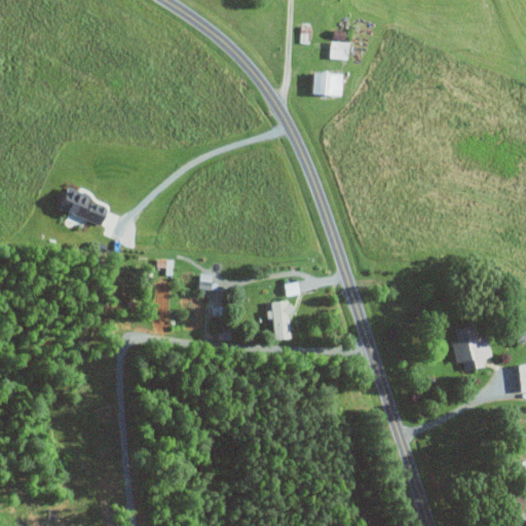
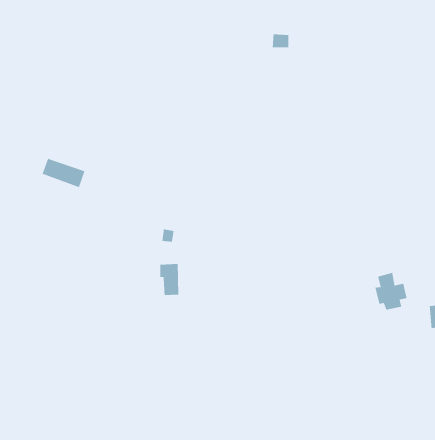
building: [312,73,343,96] -> none
building: [270,301,294,340] -> [159,263,179,296]

